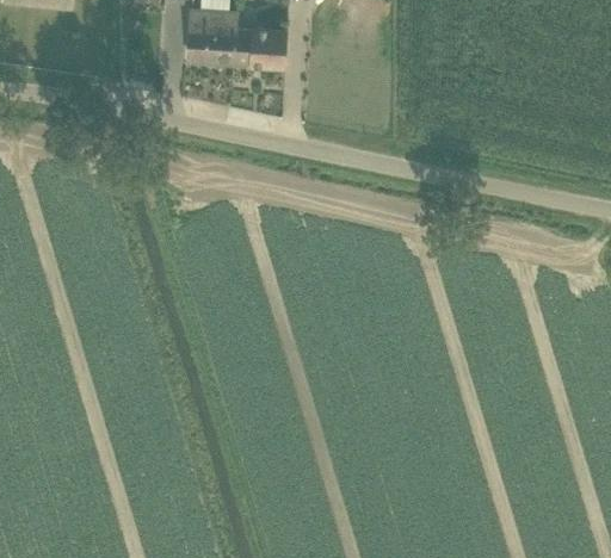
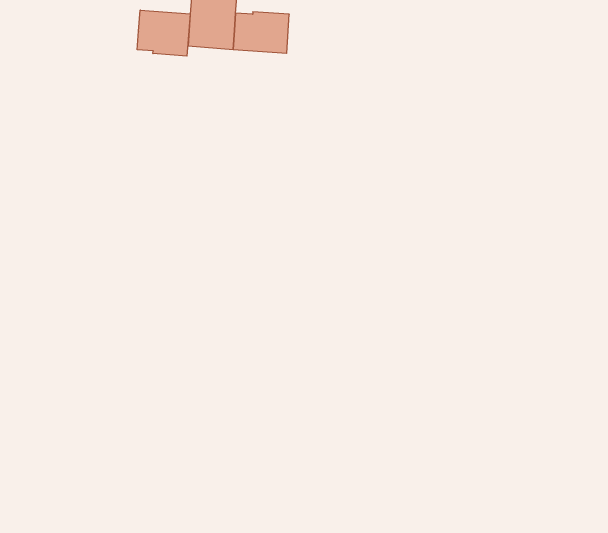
building: none -> [137,10,190,56]

